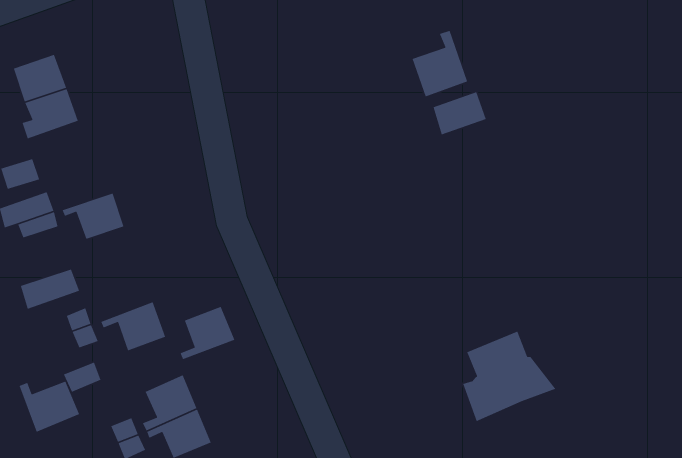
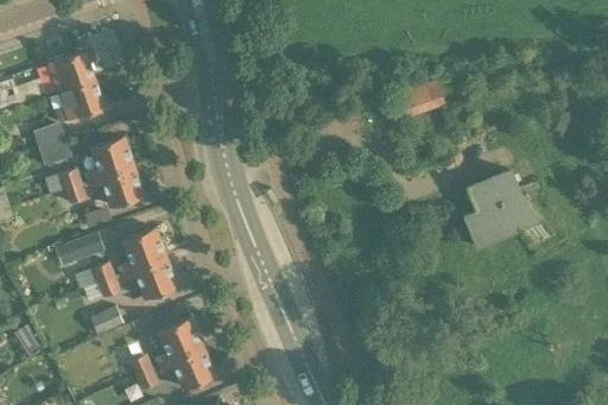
building: [412,30,468,98] -> none
building: none -> [87,138,132,182]
building: [180,306,235,360] -> [119,229,165,274]
building: [462,330,557,422] -> [464,172,543,248]
building: [19,380,80,433] -> none

